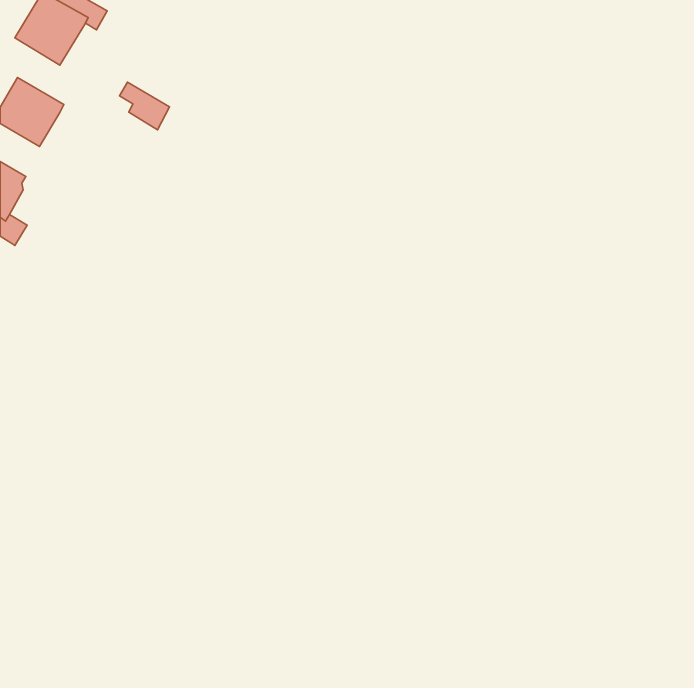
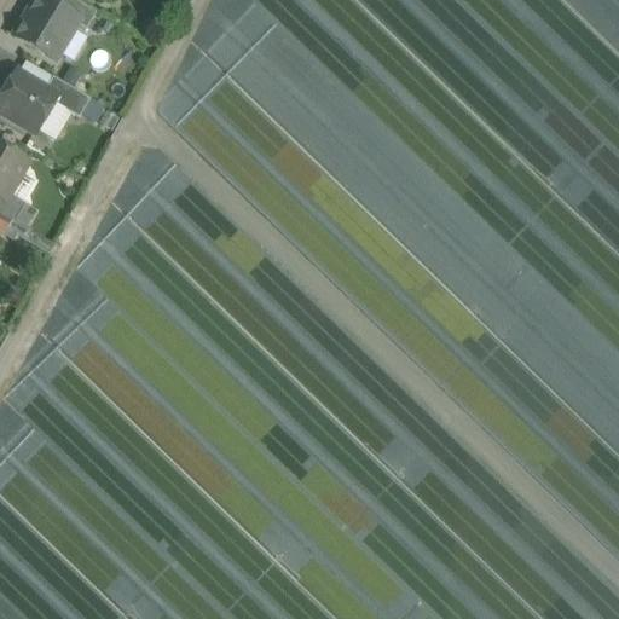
building: [119,82,170,130] -> [45,74,89,116]

